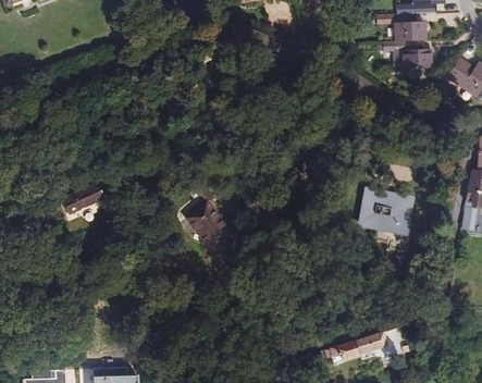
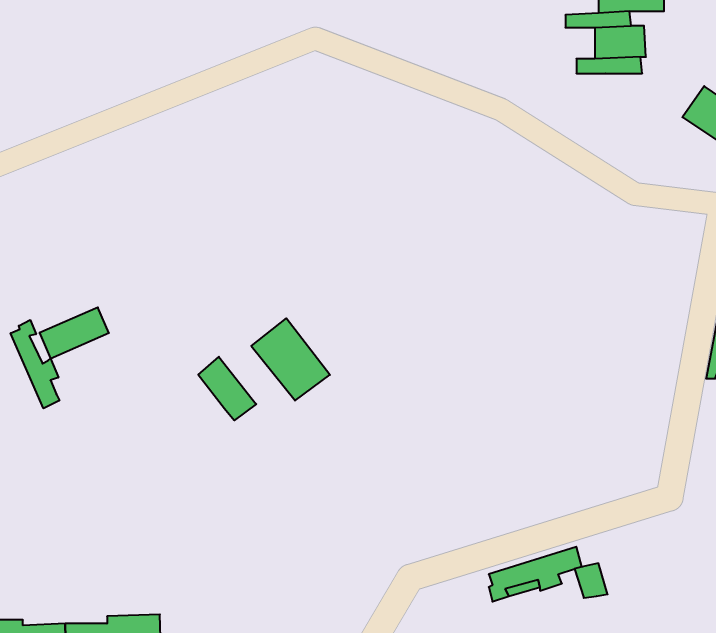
building: [400,49,431,66] -> none
building: [366,193,416,249] -> none
building: none -> [11,320,59,408]
building: none -> [198,357,256,420]

